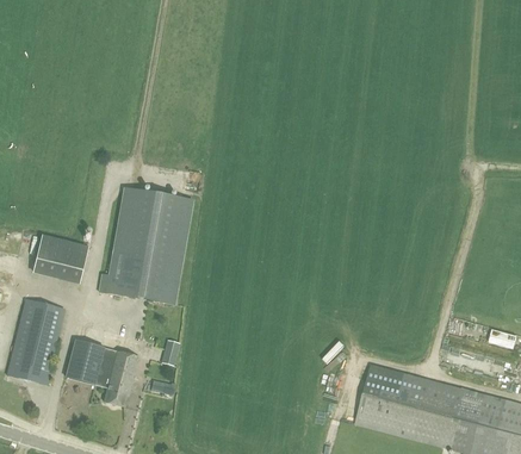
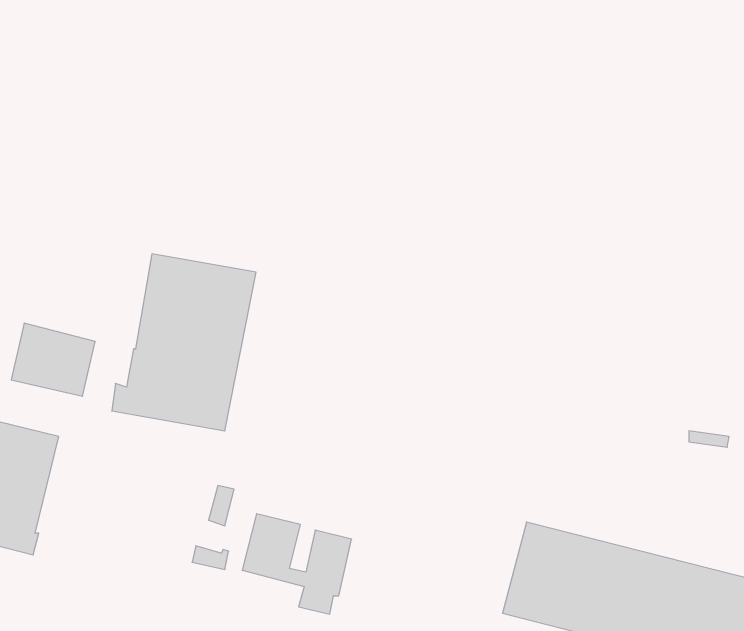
building: [67,340,138,405] -> [242,514,352,614]

